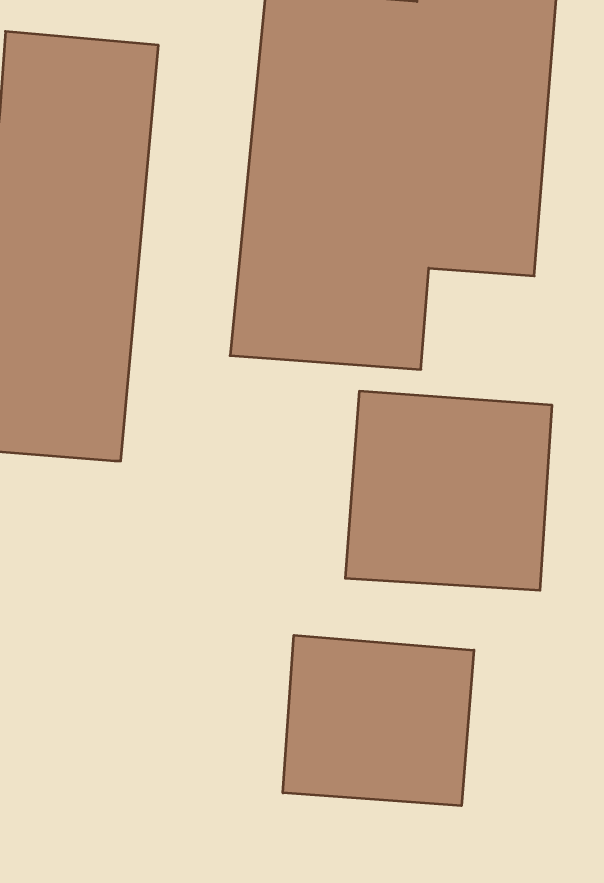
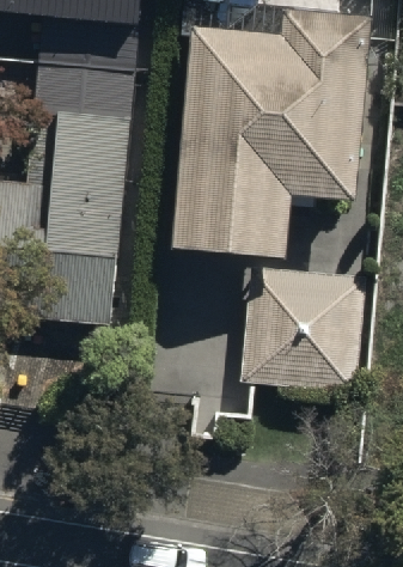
building: [283,635,474,806] -> none

